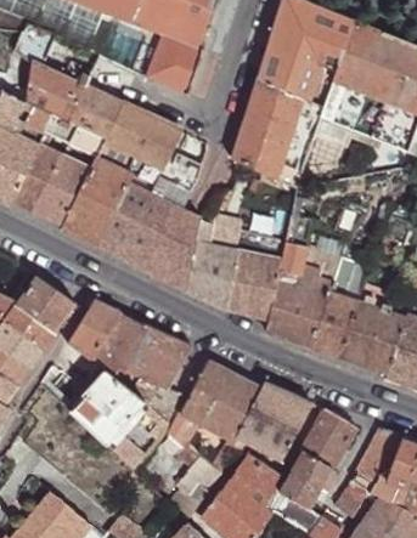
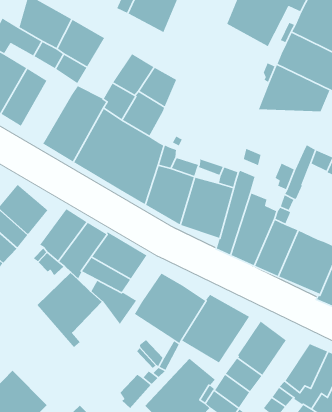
building: [231,77,302,176] -> none
building: [106,103,154,153] -> none
building: [36,157,90,223] -> none

